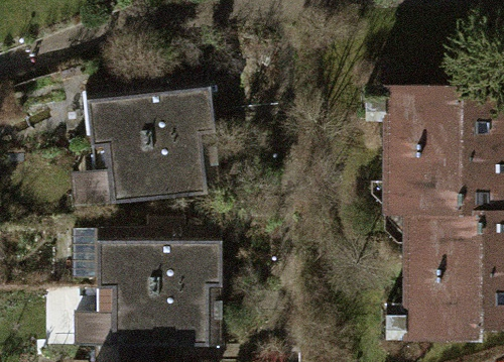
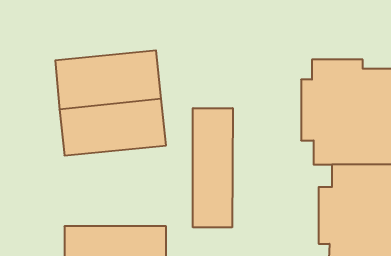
building: none -> [193,108,233,227]
building: [73,217,220,289] -> none

